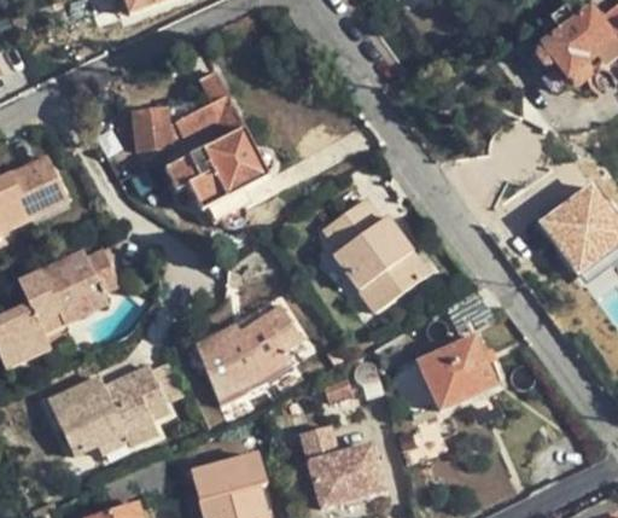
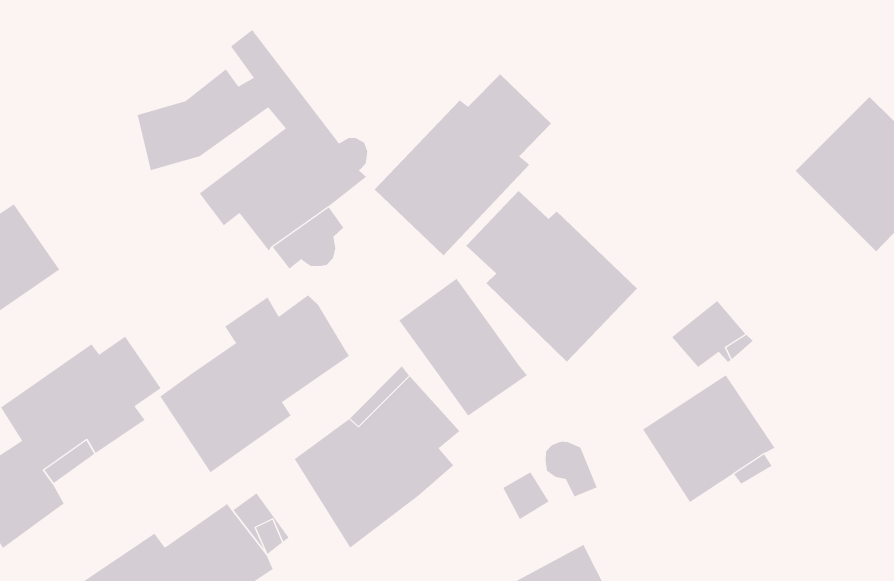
building: none -> [374,74,552,256]
building: none -> [159,295,350,473]
building: none -> [399,278,528,417]

